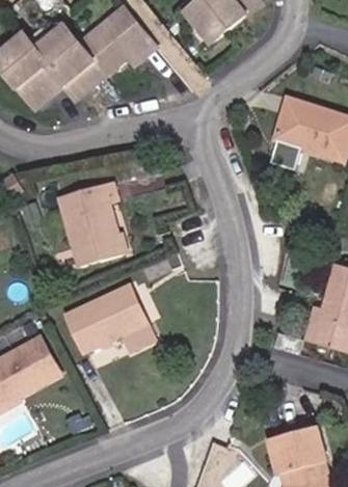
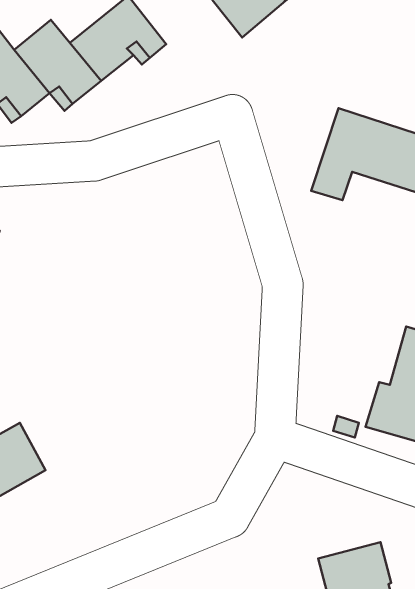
building: [58,181,126,266] -> none
building: [65,285,154,351] -> none

